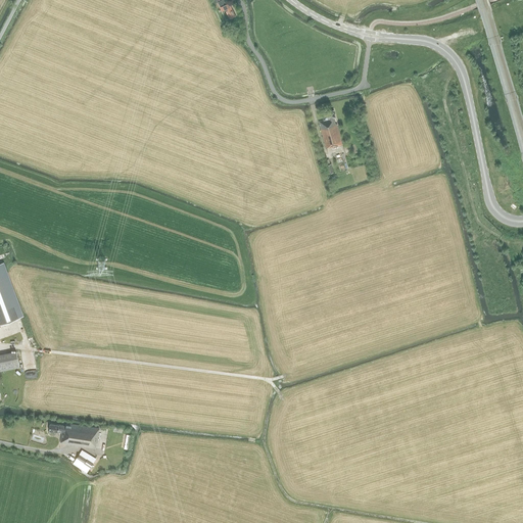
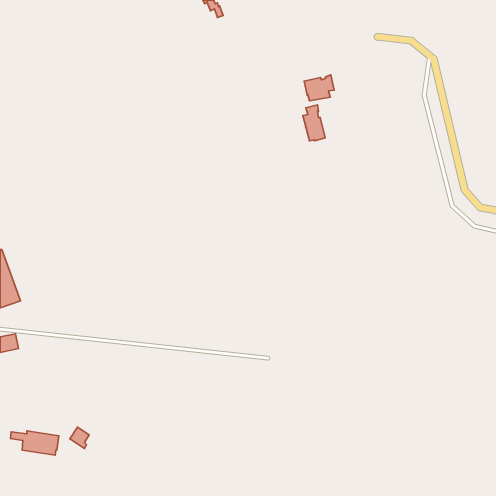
building: none -> [304,75,334,101]
building: [48,423,99,448] -> [10,431,59,455]

